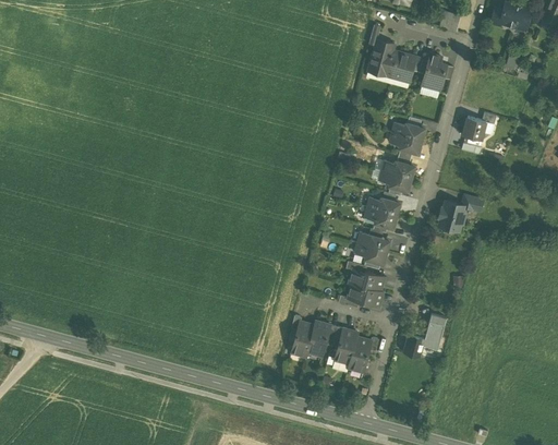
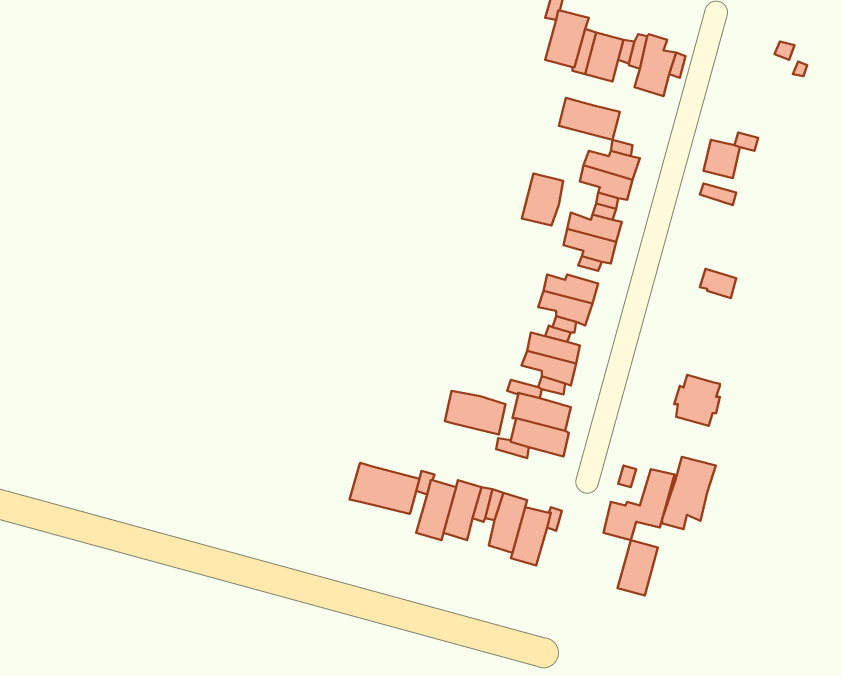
building: none -> [559,98,620,140]
building: none -> [522,174,563,226]
building: [438,200,465,230] -> [674,375,720,426]
building: none -> [445,391,505,435]
building: none -> [662,457,716,529]
building: none -> [349,463,419,514]
building: none -> [618,540,658,595]

